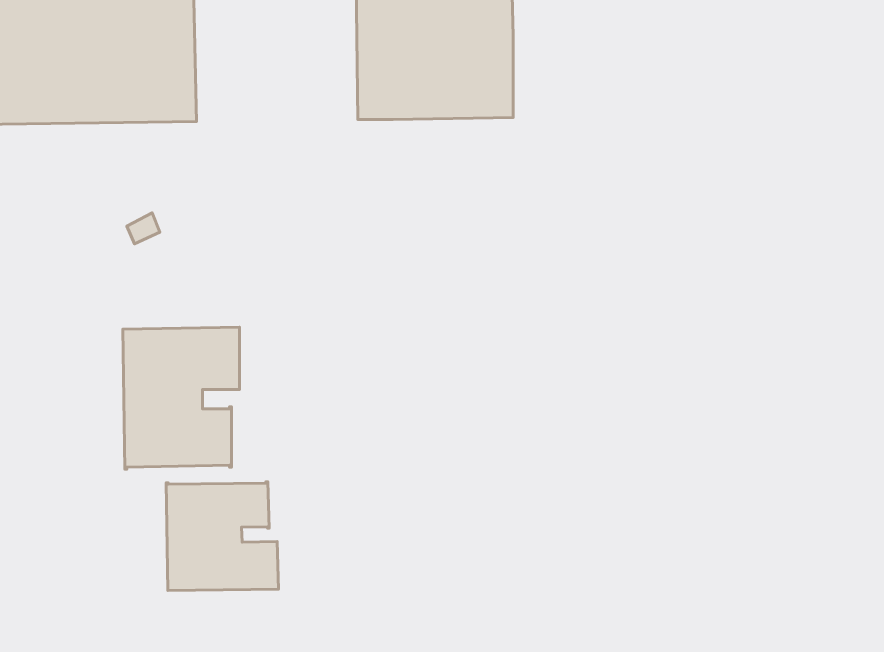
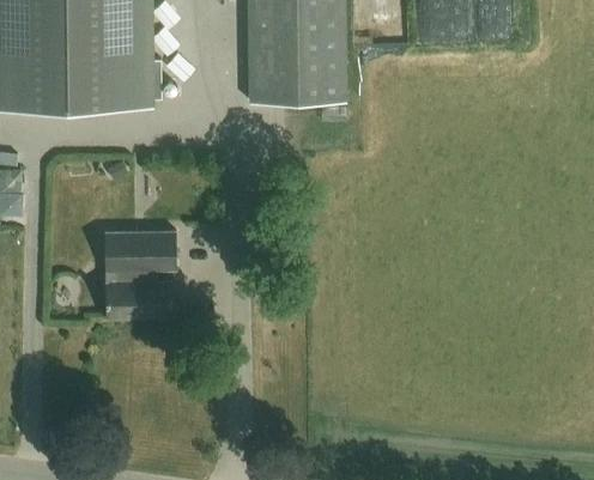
building: [166,482,279,590] -> none

